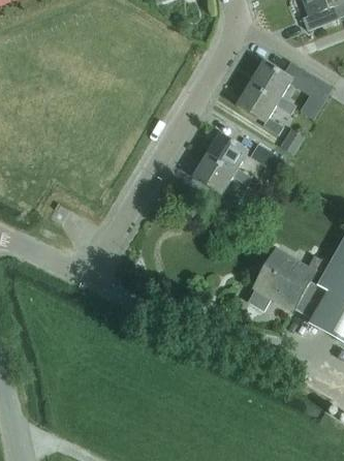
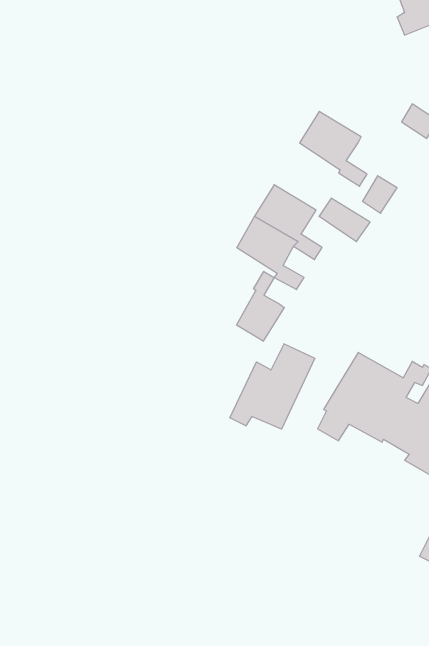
building: [250,60,296,112] -> none
building: none -> [237,271,284,341]
building: none -> [230,344,315,429]

